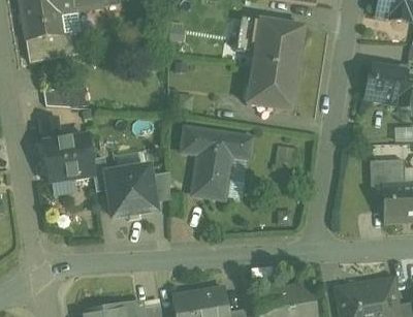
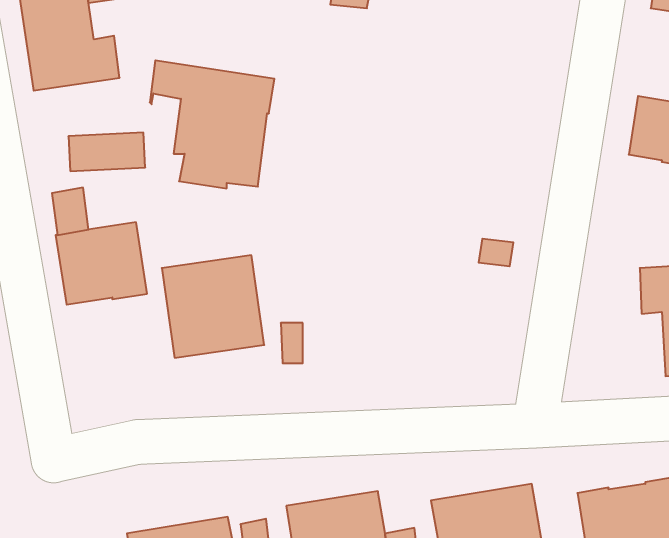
building: [235,17,305,110] -> none
building: [182,127,252,199] -> [150,60,274,188]

